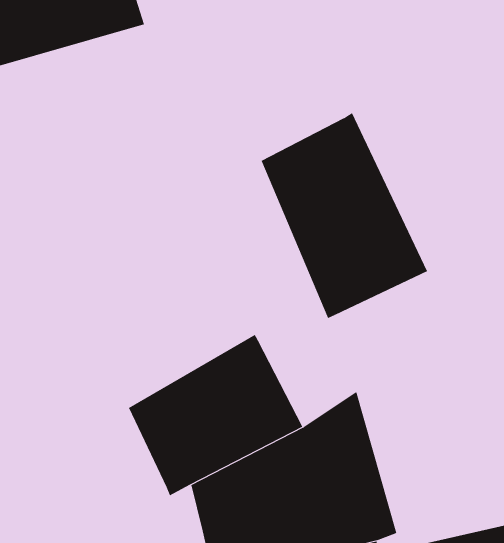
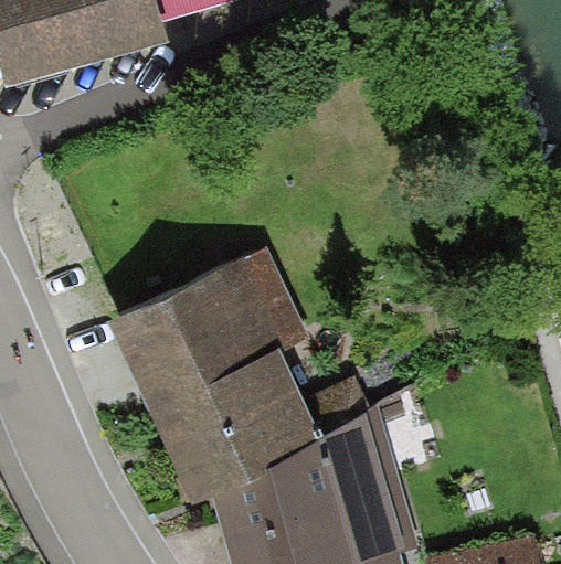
building: [261,112,428,319] -> none
building: none -> [108,248,307,422]

